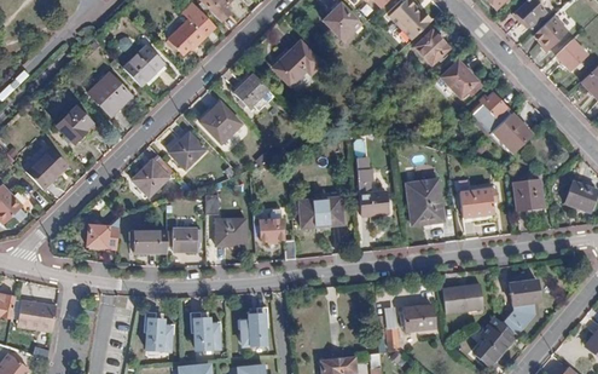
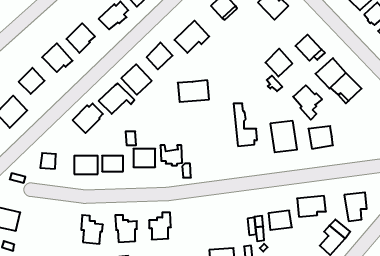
building: [413,28,451,67] -> [265,49,292,77]
building: none -> [293,85,322,120]
building: [513,179,544,209] -> none
building: [300,197,343,228] -> [178,80,209,102]

